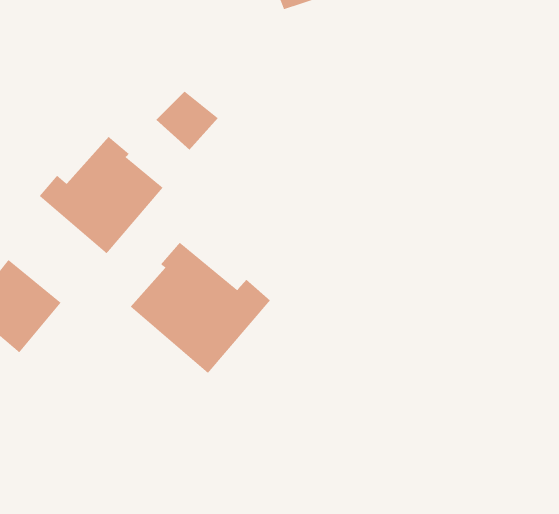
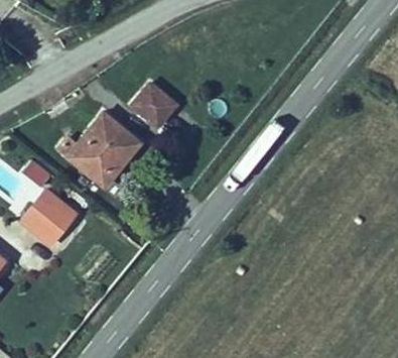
building: [130,242,271,374] -> none

